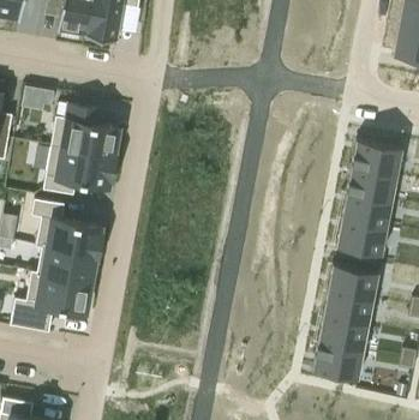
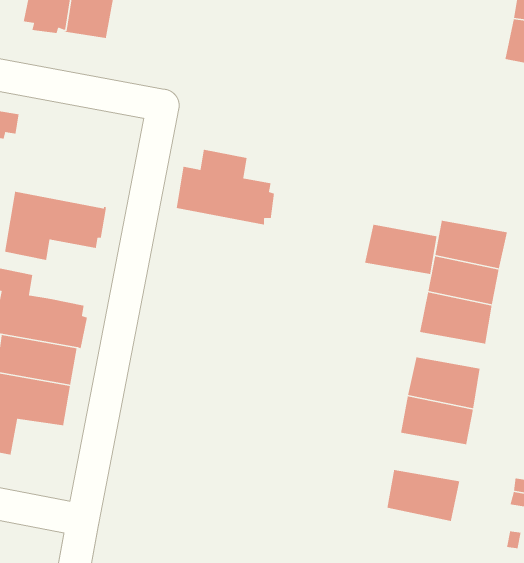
building: [52,103,121,157] -> [176,149,275,226]
building: [352,138,403,174] -> [364,224,438,275]
building: [318,316,370,349] -> none

